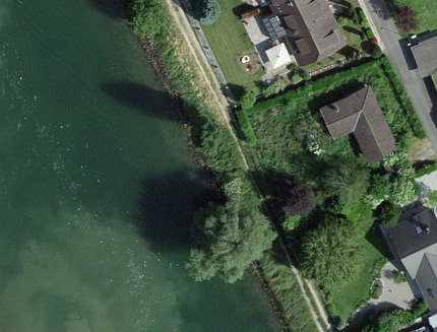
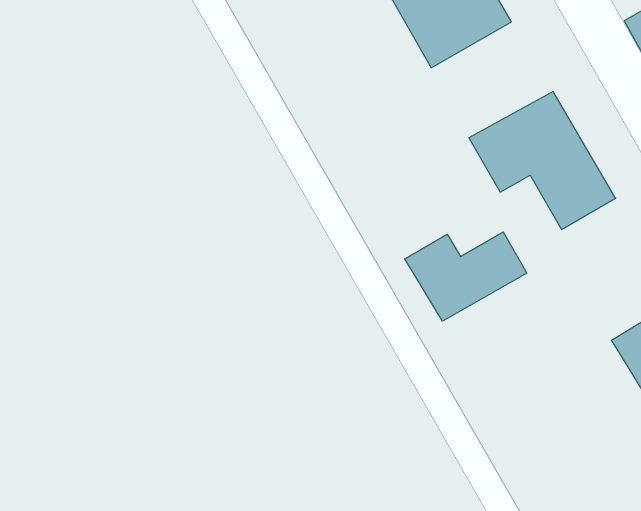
building: none -> [405,232,527,321]

